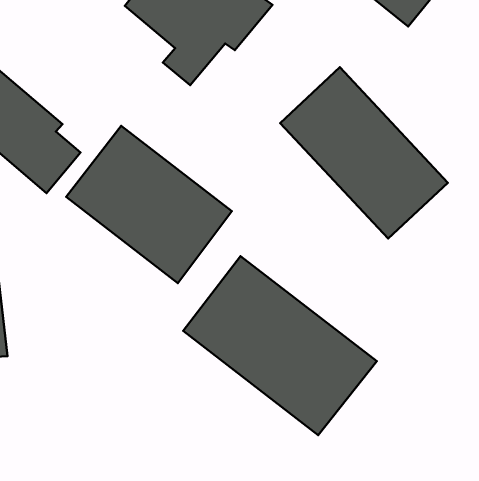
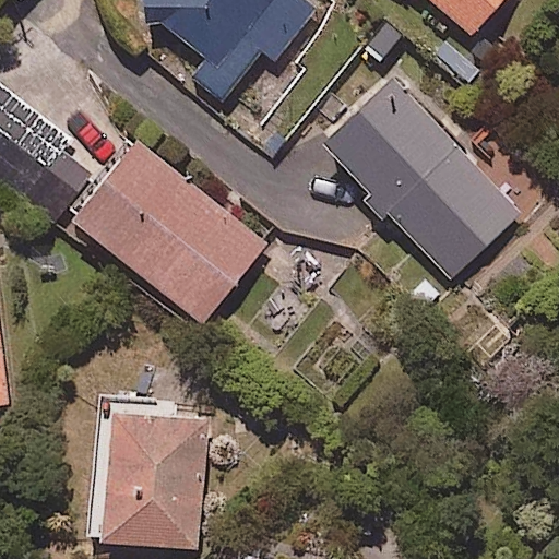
building: [183,256,377,435] -> none
building: none -> [104,415,204,548]

